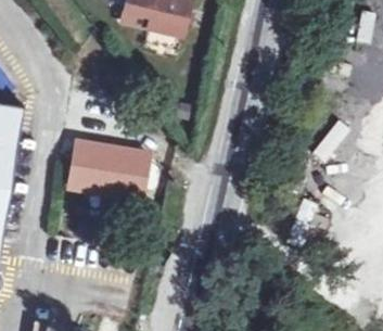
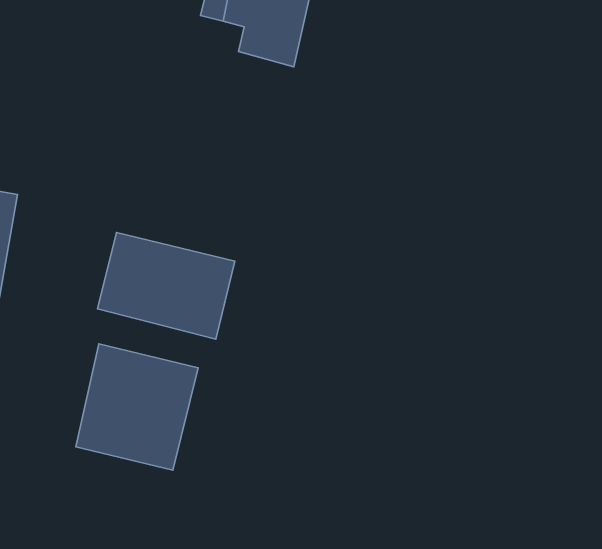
building: none -> [76,344,198,470]

